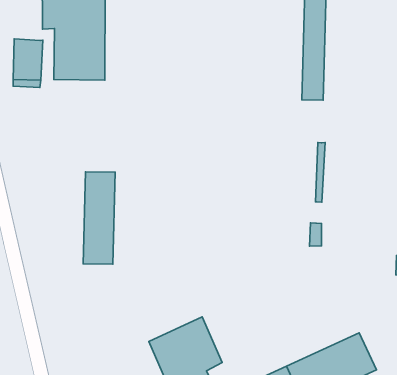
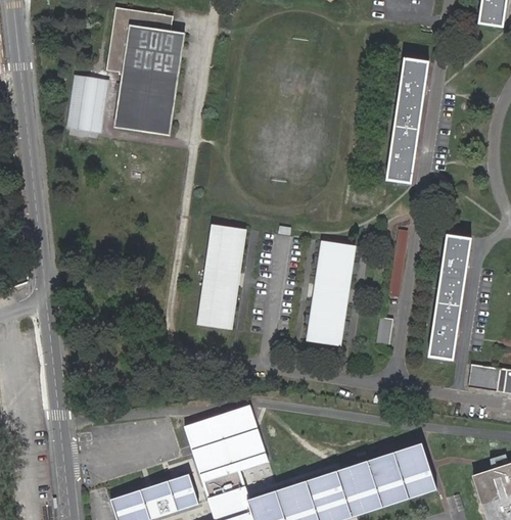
building: none -> [428,235,470,359]
building: none -> [309,240,356,346]
building: [83,172,115,264] -> [199,224,246,329]

